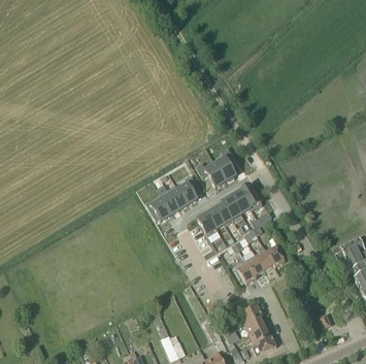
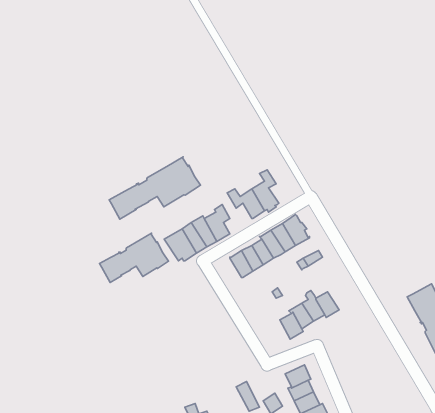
building: none -> [109,157,200,219]
building: none -> [100,233,168,282]

